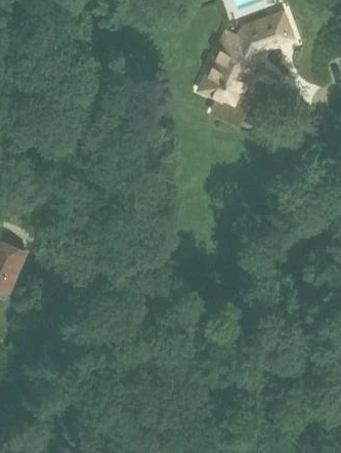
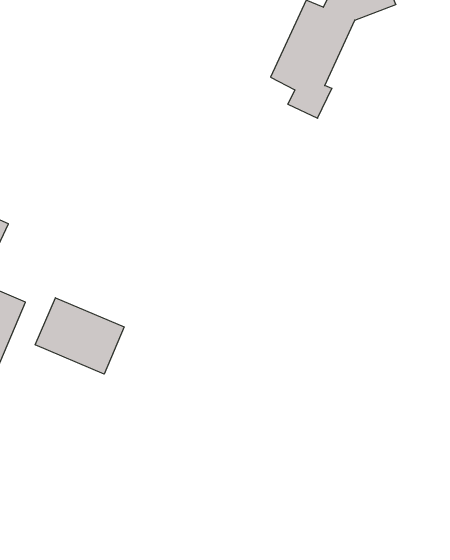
building: none -> [35,298,124,374]

